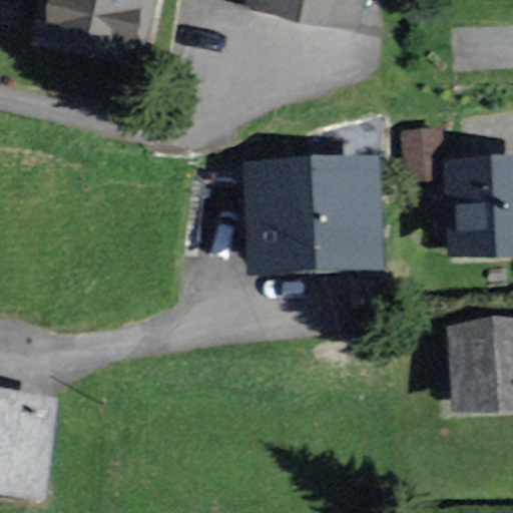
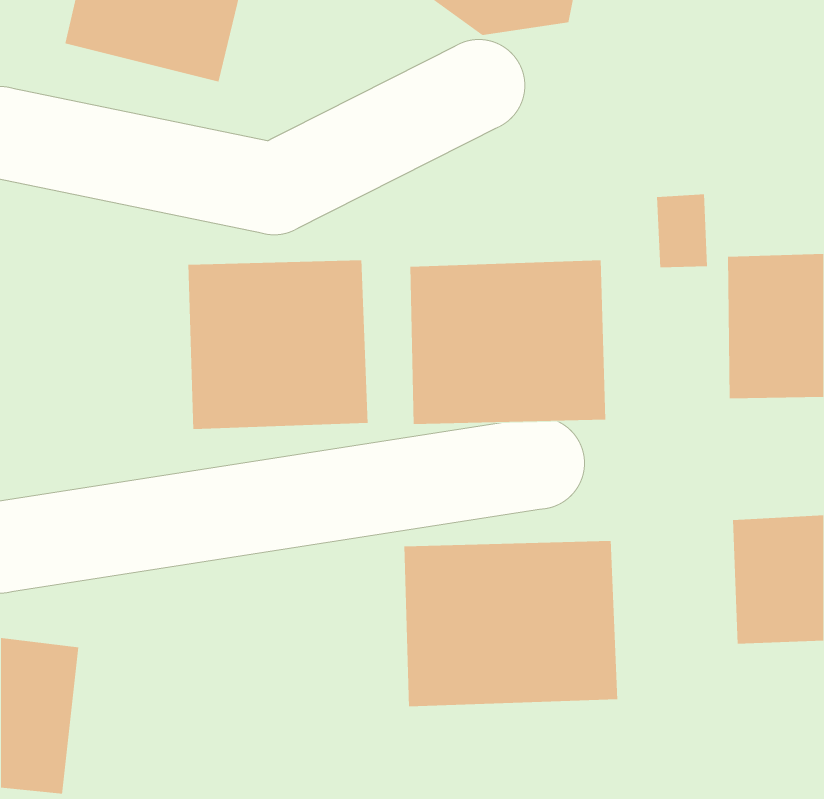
building: none -> [188,259,368,430]
building: none -> [404,540,618,707]

